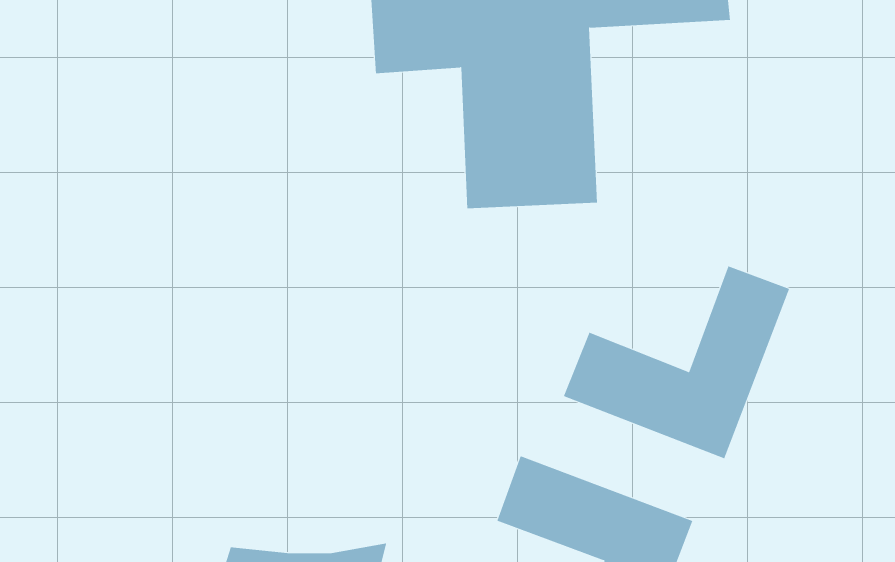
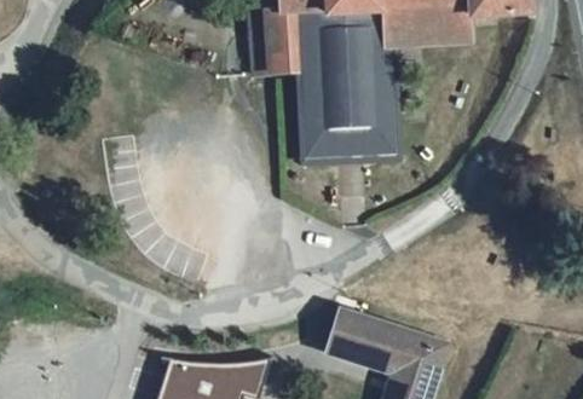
building: [563,266,790,459] -> none

